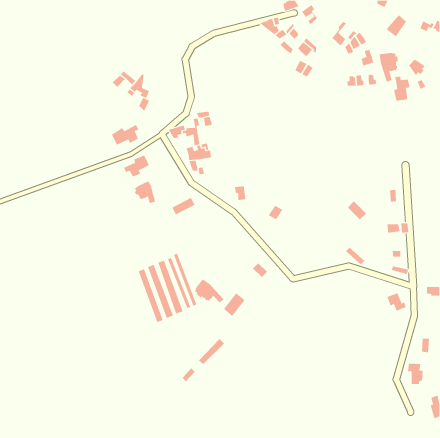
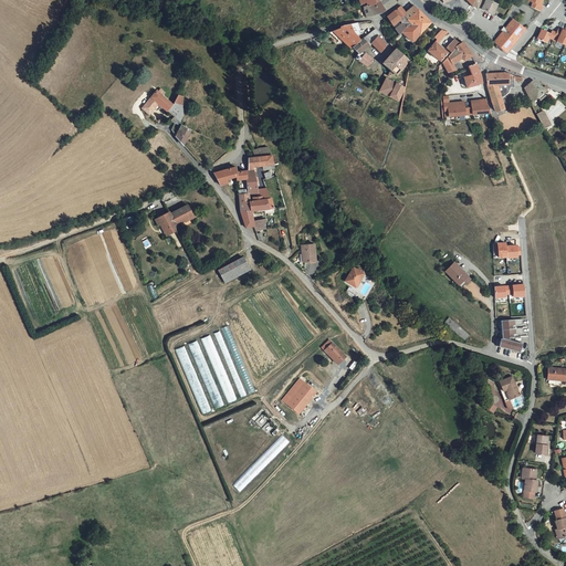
building: none -> [401,7,430,43]
building: [393,76,410,101] -> none
building: [111,124,139,146] -> none
building: [134,180,156,204] -> none
building: [194,278,225,303] -> none

